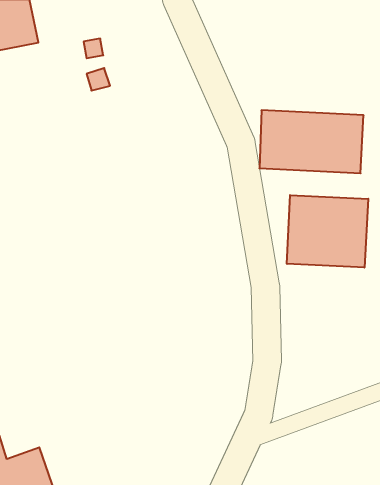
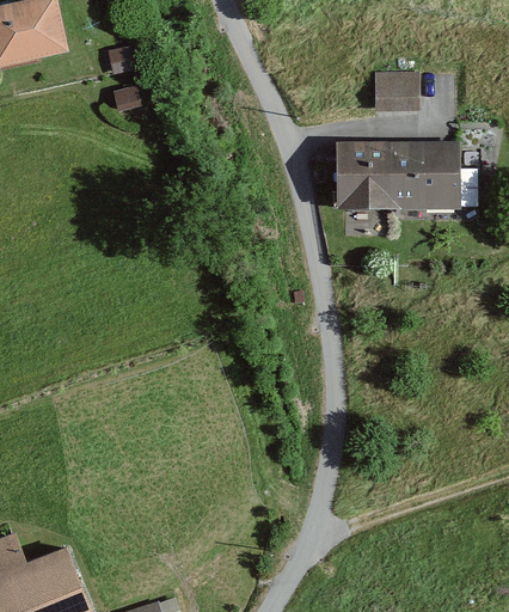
building: none -> [380,67,423,110]
building: [287,195,368,268] -> none

